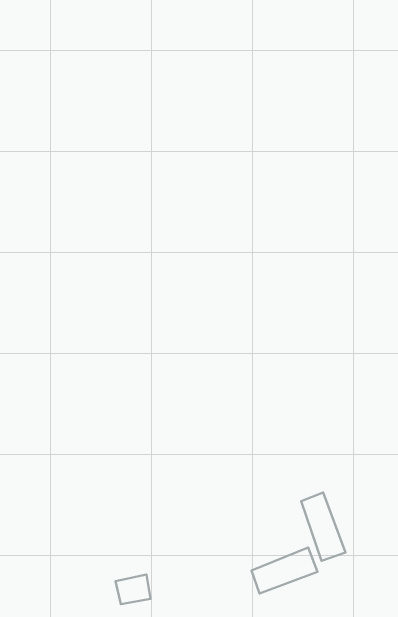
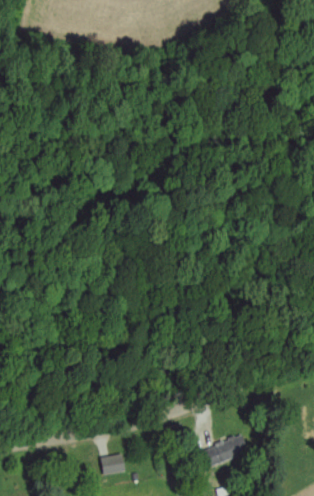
building: [301,493,345,561] -> none

